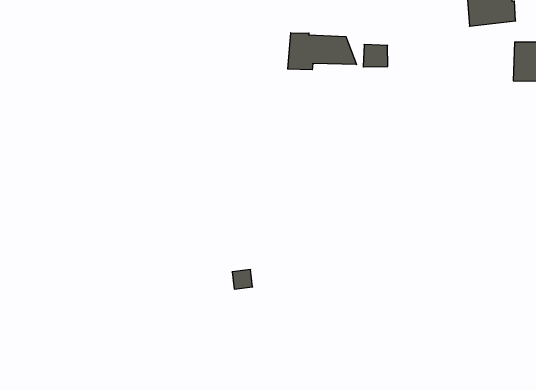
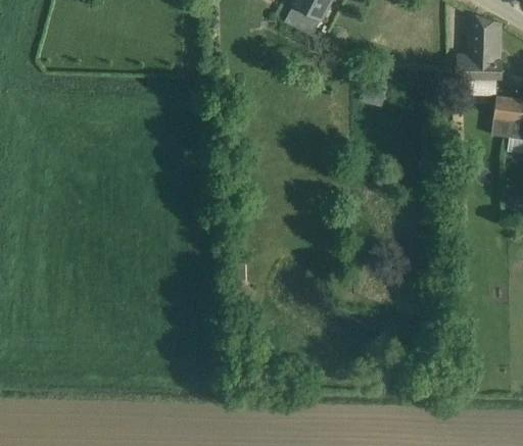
building: [288,33,356,70] -> none

